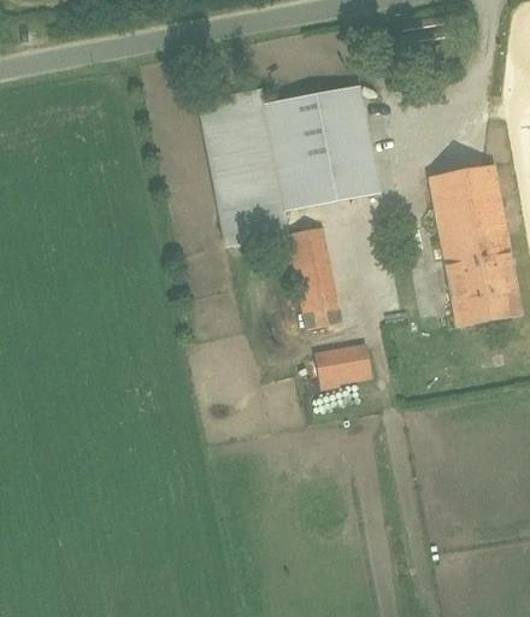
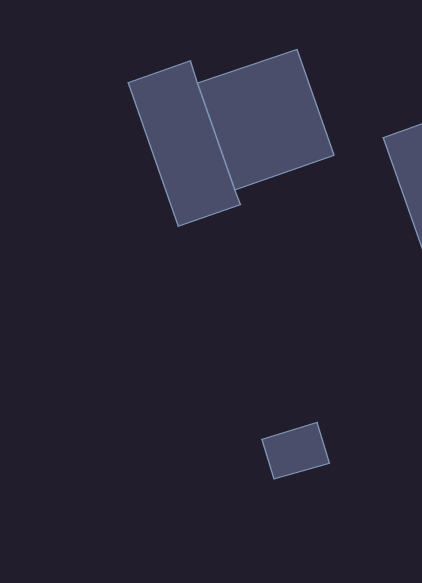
building: [285,222,341,322] -> none
building: [312,342,372,389] -> [262,422,330,479]

